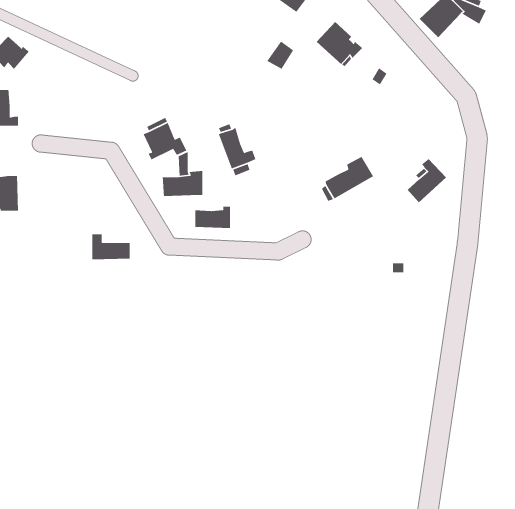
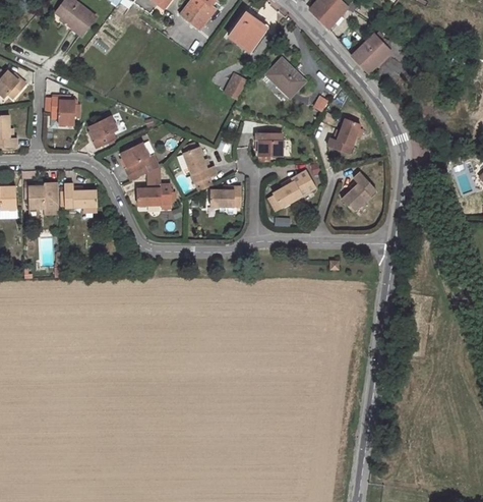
building: none -> [51,97,75,124]
building: none -> [88,116,117,149]
building: none -> [326,118,359,154]
building: none -> [256,133,282,156]
building: none -> [28,182,59,214]
building: [195,206,231,229] -> [209,186,240,206]
building: [92,234,130,260] -> [64,184,97,207]

